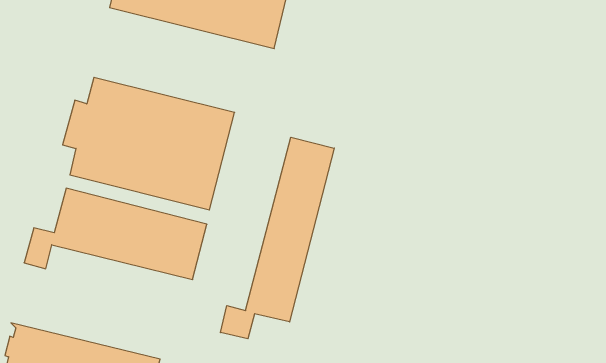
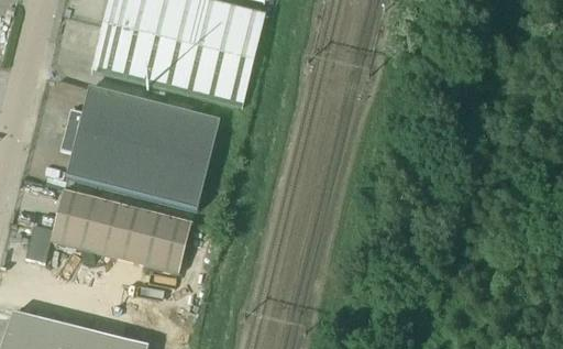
building: none -> [91,22,254,106]
building: [220,137,334,339] -> none

